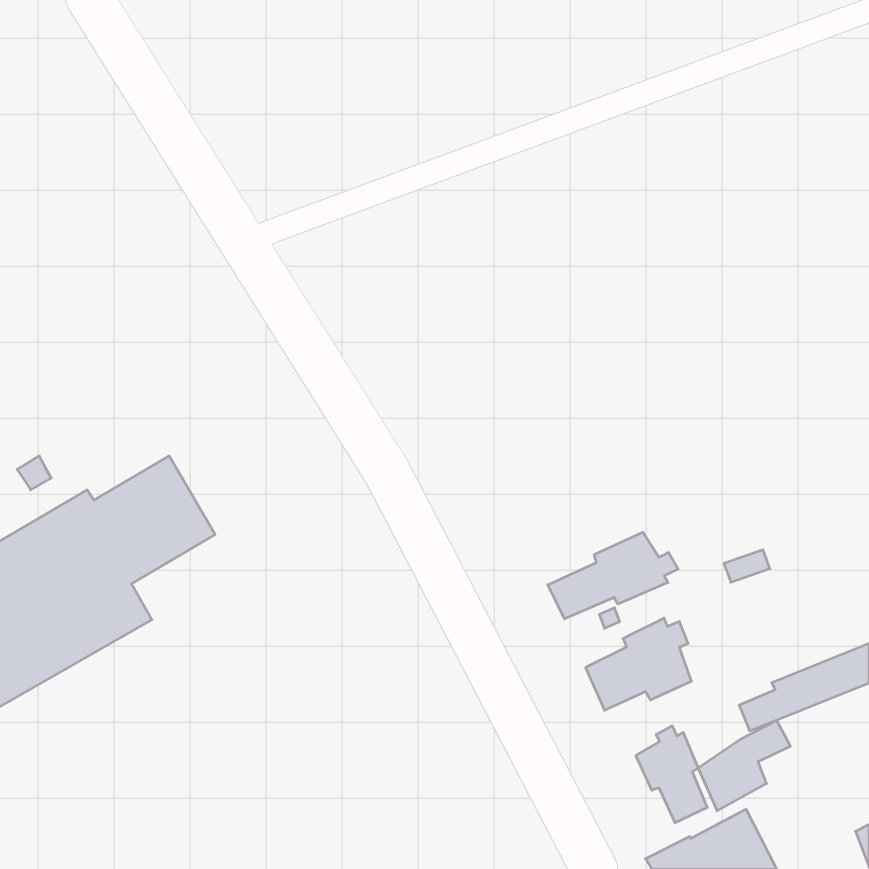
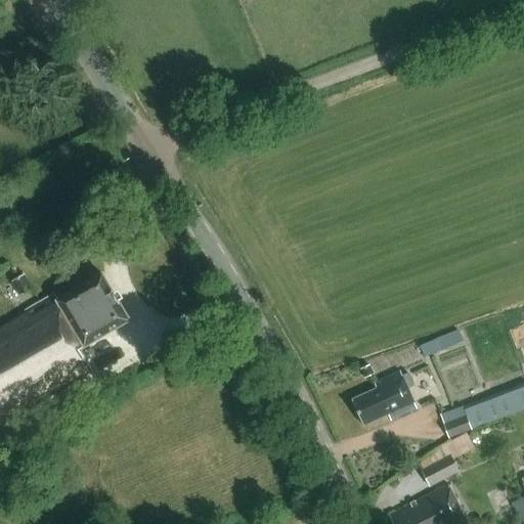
building: [548,532,678,619] -> none
building: [636,726,707,823] -> none

